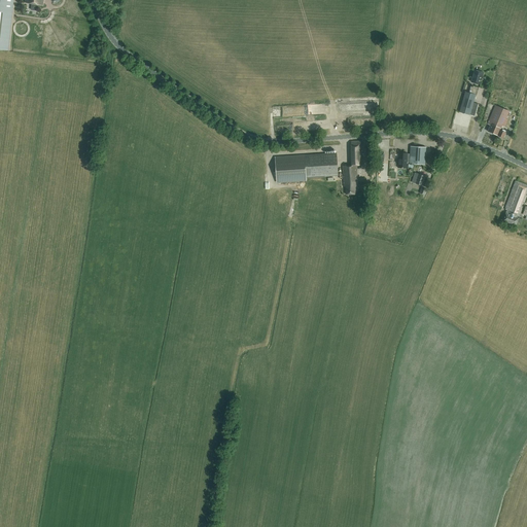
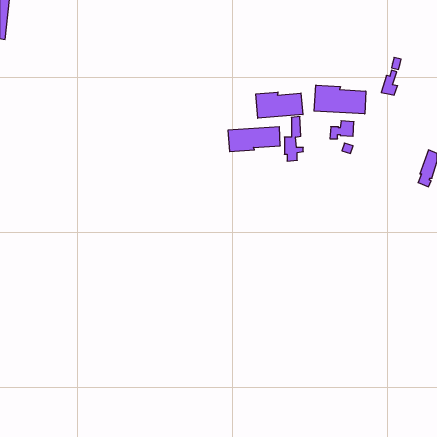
building: none -> [314,85,366,114]
building: [486,104,508,137] -> none
building: none -> [256,92,303,118]

